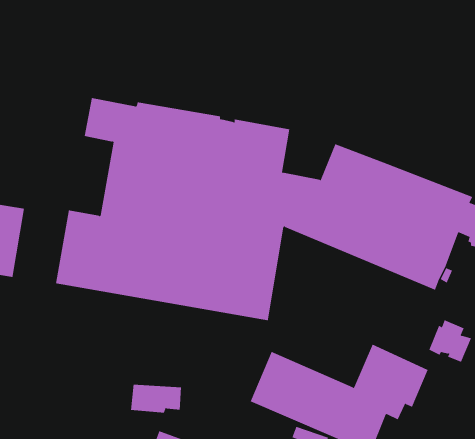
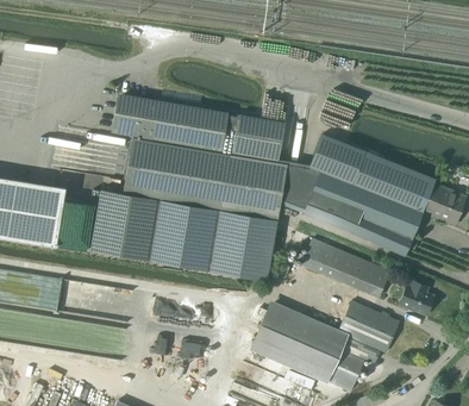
building: none -> [301,238,389,296]

